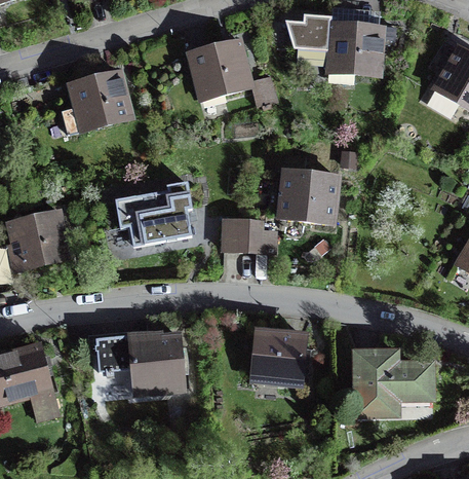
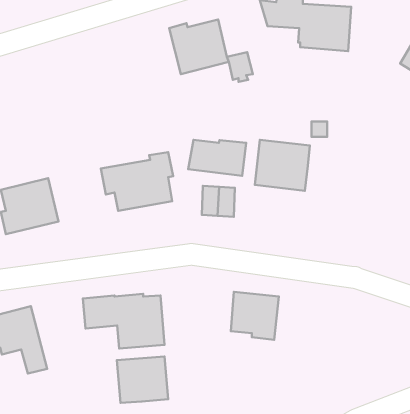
building: [62,71,131,133] -> none
building: none -> [188,140,246,176]
building: [357,354,430,412] -> none
building: none -> [117,357,168,403]

